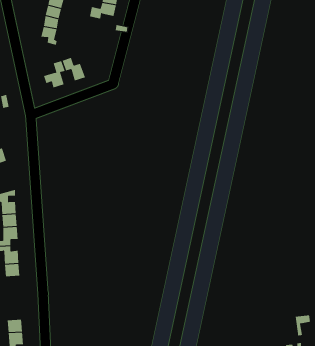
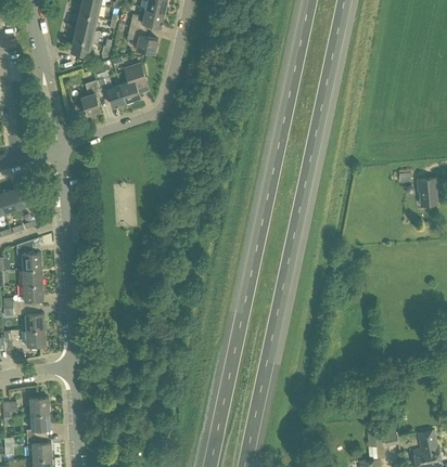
building: none -> [127,27,157,53]
building: none -> [119,66,145,102]

